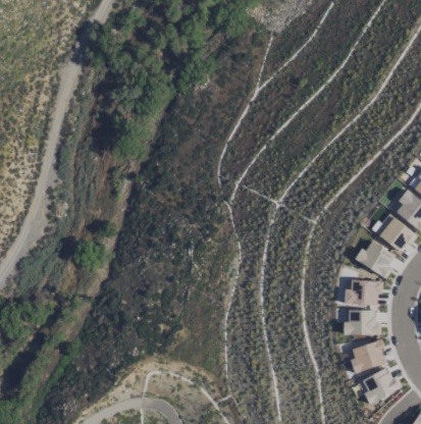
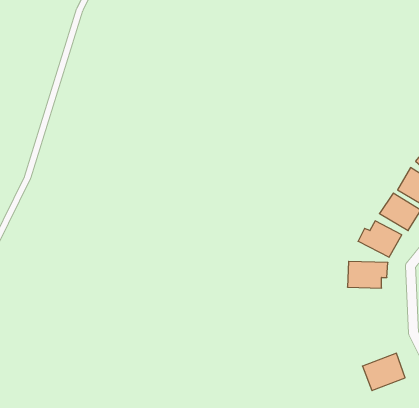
building: [344,310,381,335] -> none
building: [348,340,387,373] -> none

